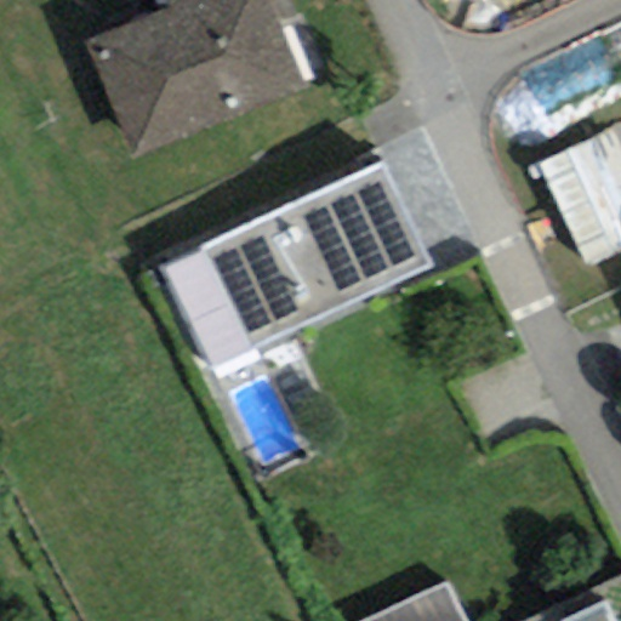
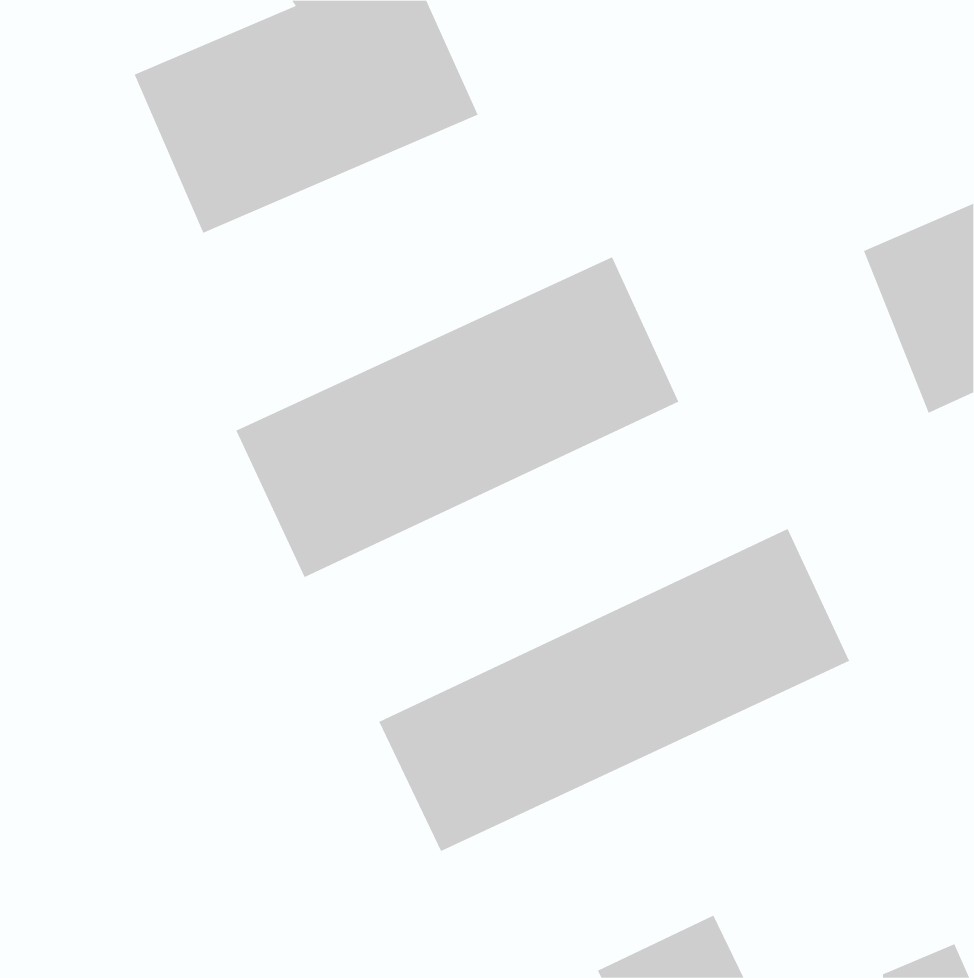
building: none -> [379,528,850,852]

